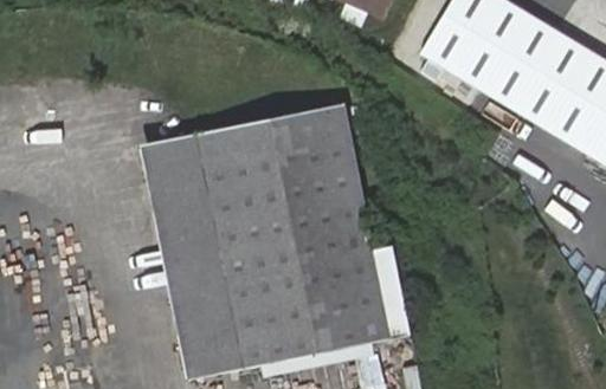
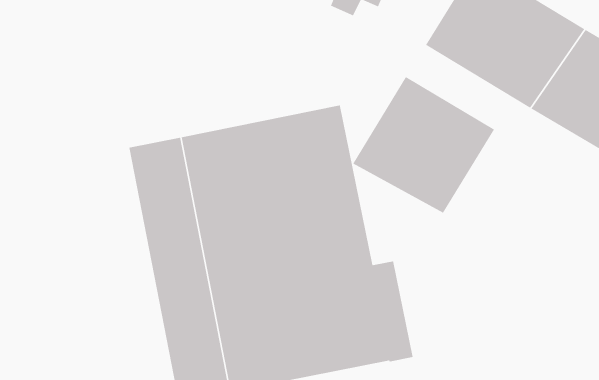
building: none -> [353,76,495,214]

